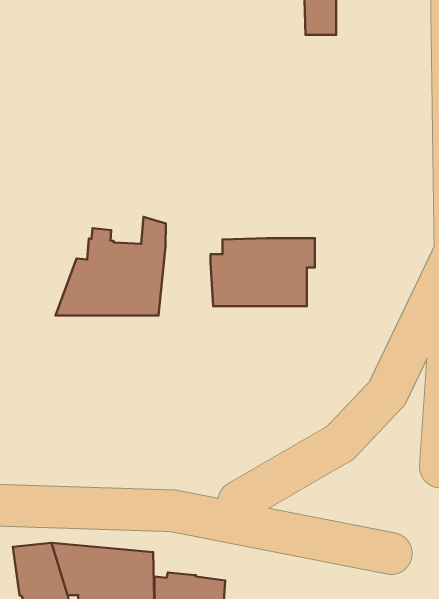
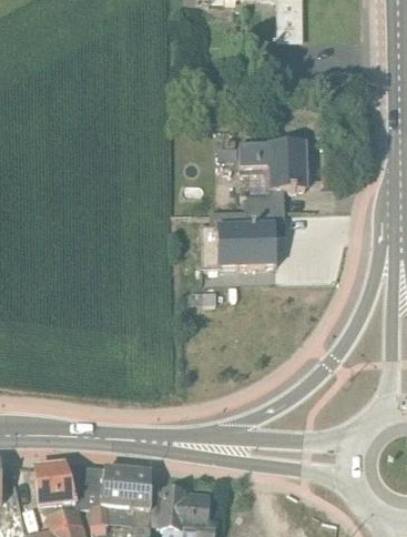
building: none -> [238,141,309,210]
building: [56,217,166,316] -> none

